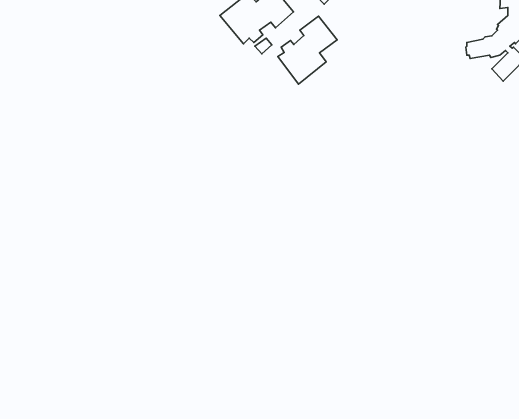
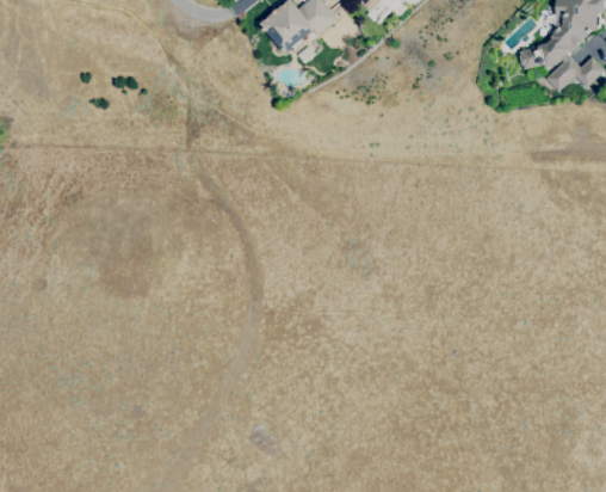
building: [278,16,337,84] -> none

